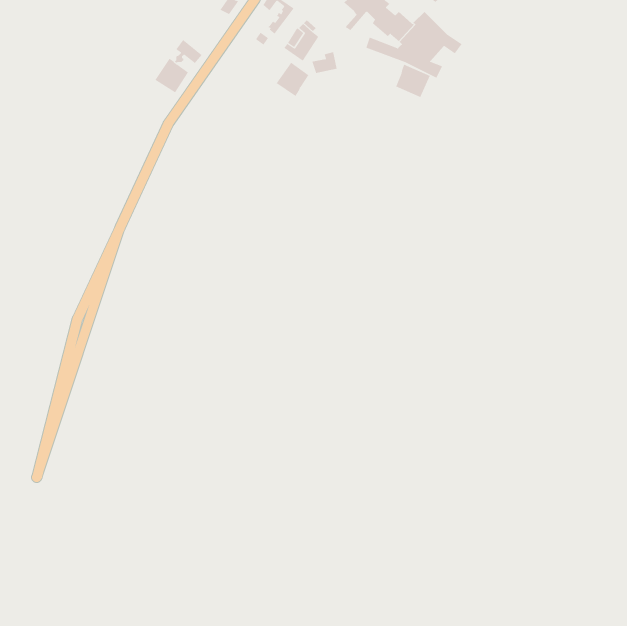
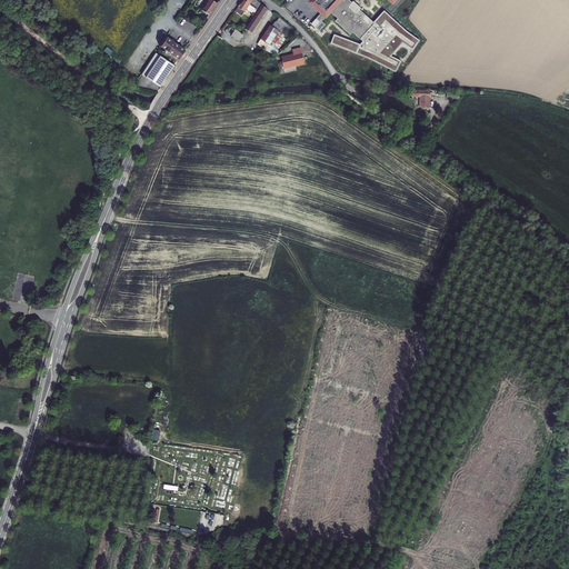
building: [276,62,309,97] -> none
building: [396,64,430,98] -> none

